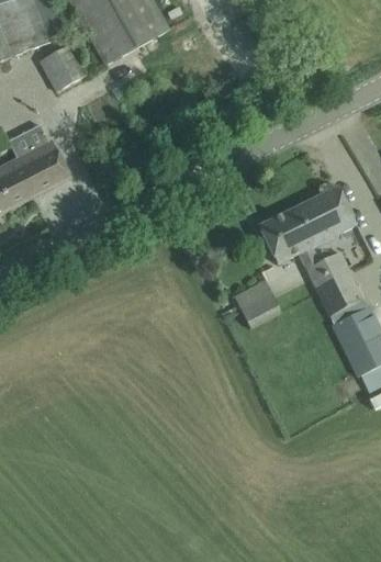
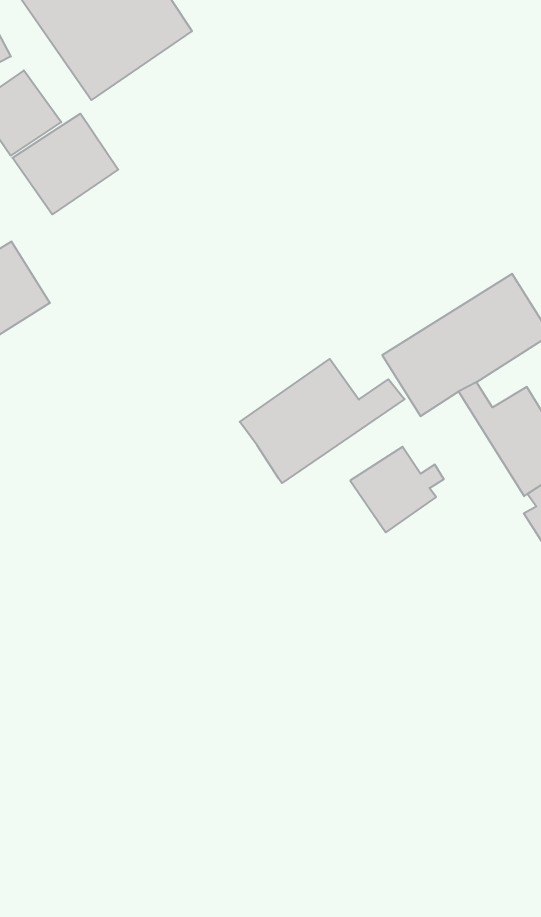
building: none -> [12,114,118,214]
building: none -> [240,359,405,483]

